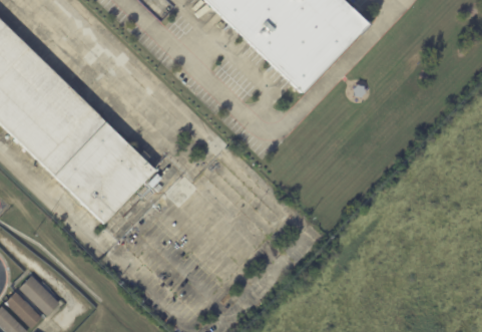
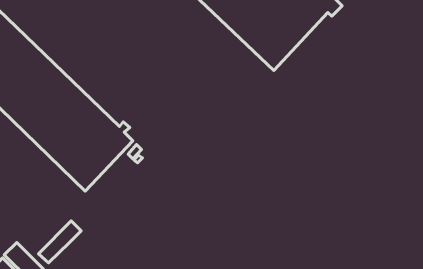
building: none -> [38,221,81,263]

